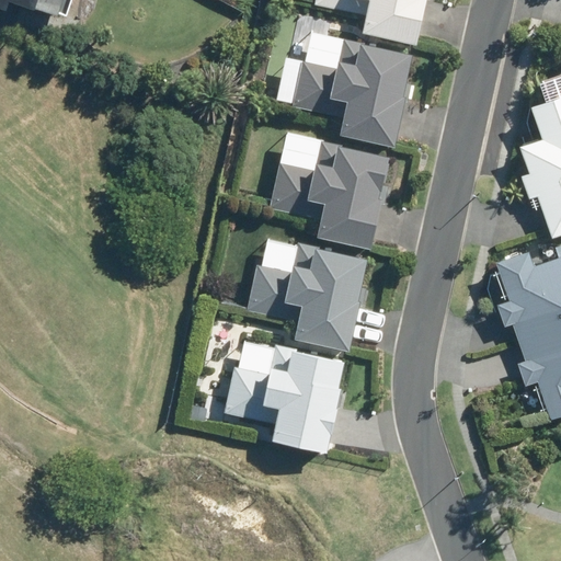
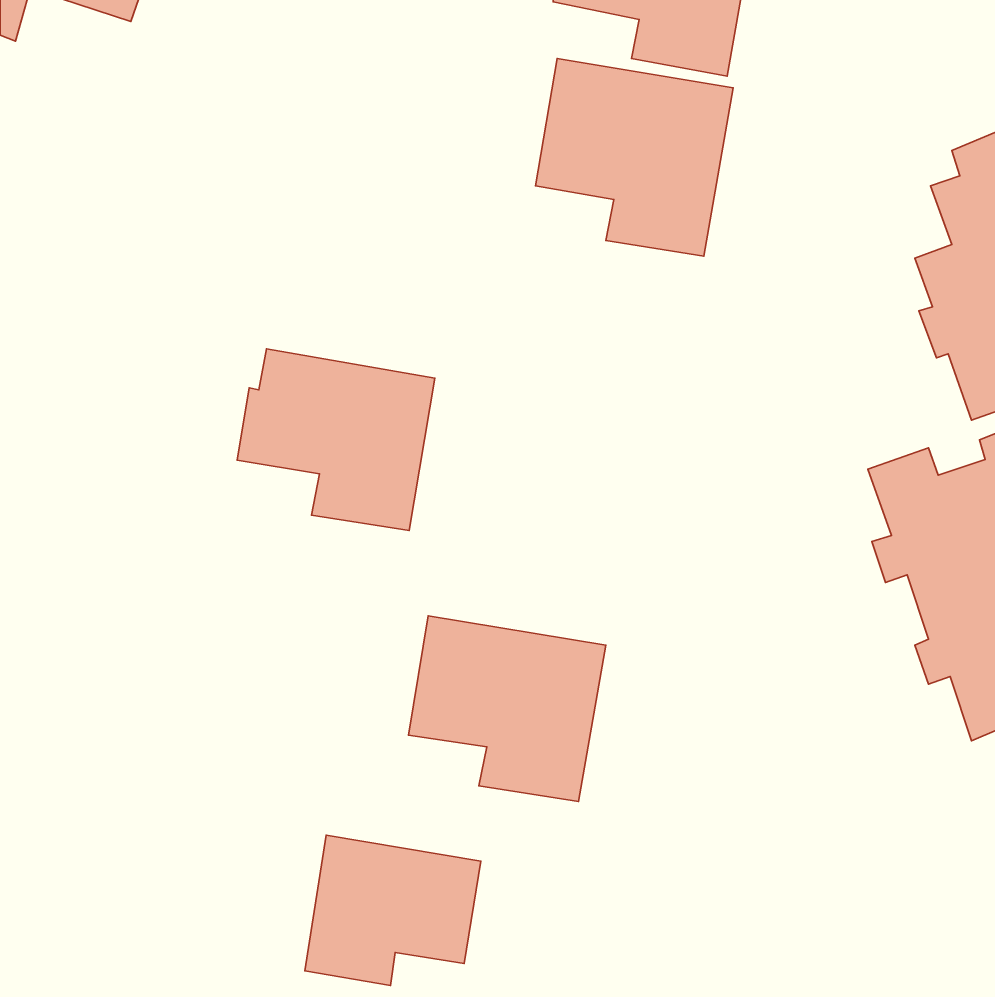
building: [280,139,389,251] -> none
building: [256,243,367,345] -> [237,349,435,531]
building: none -> [305,835,481,986]

